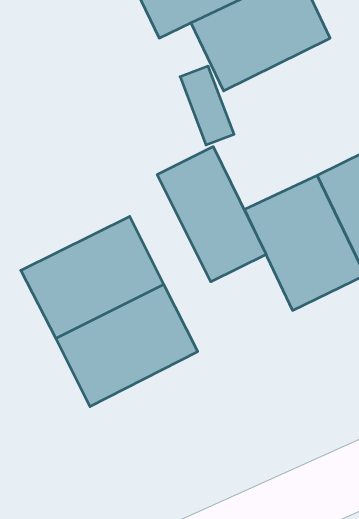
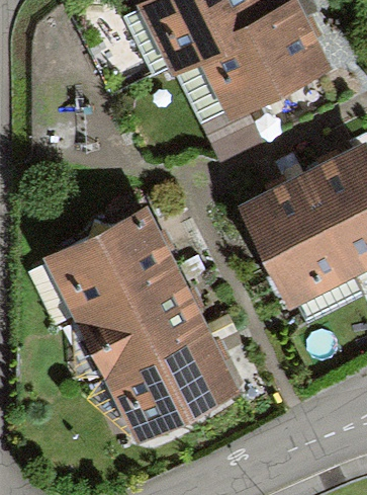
building: [157,147,266,282] -> none
building: none -> [112,331,235,436]

